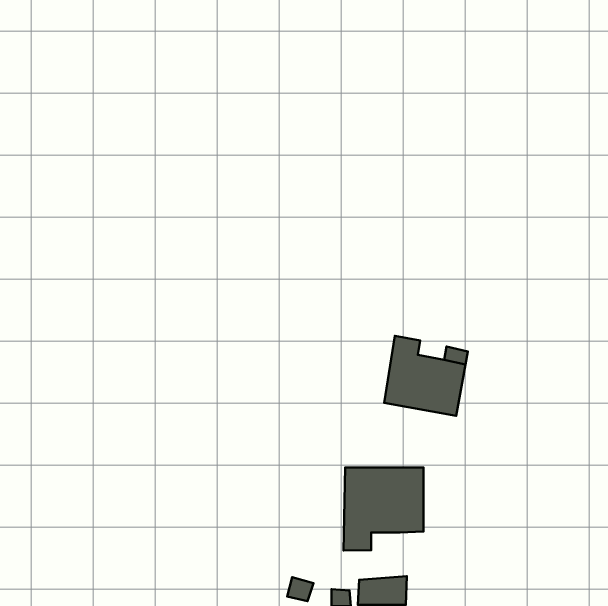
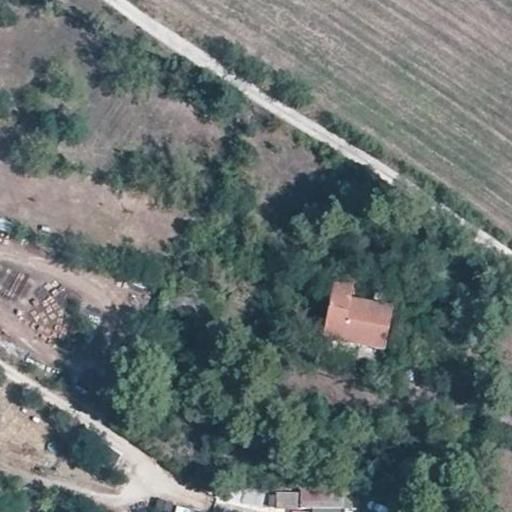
building: [344,467,424,550] -> none

